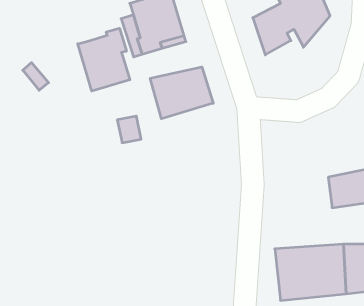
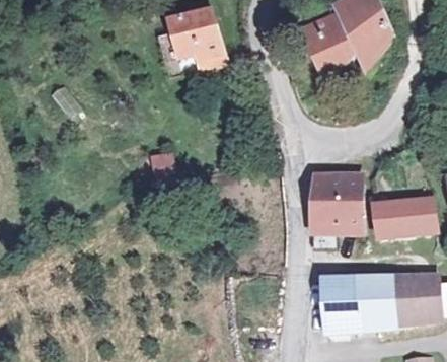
building: [78,28,130,91] -> none
building: [150,67,213,119] -> none
building: none -> [313,174,366,236]

